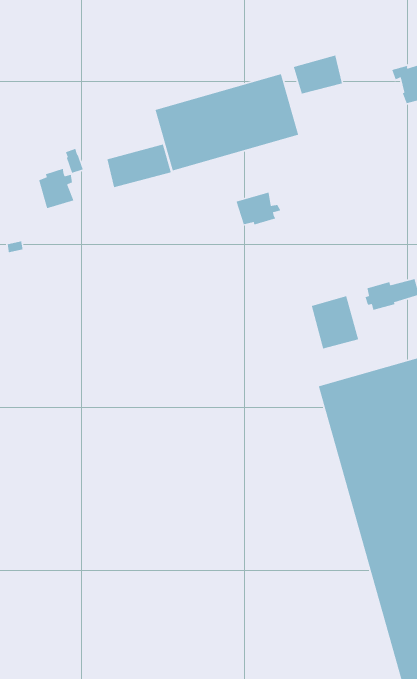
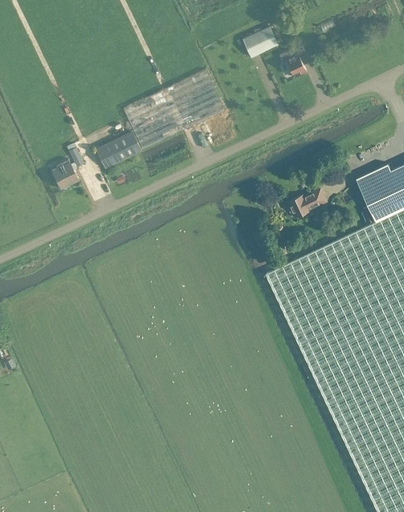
building: [293,55,343,94] -> [243,24,279,55]
building: [235,191,281,225] -> none
building: [311,295,359,350] -> none

